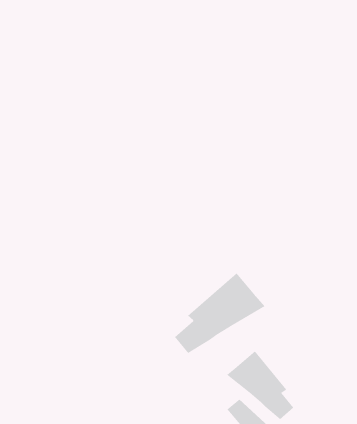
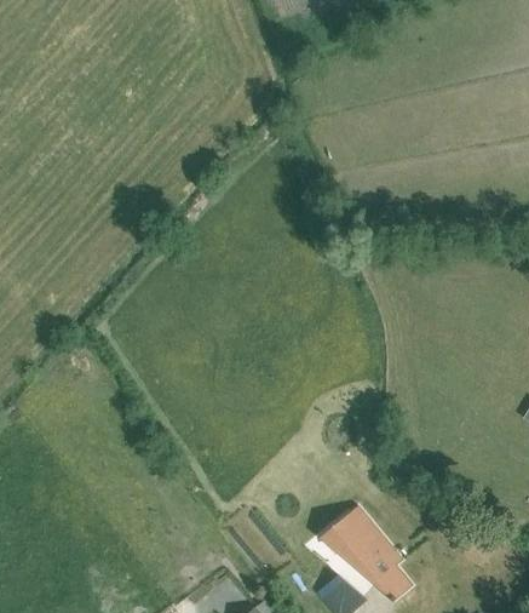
building: [174,272,265,354] -> none

